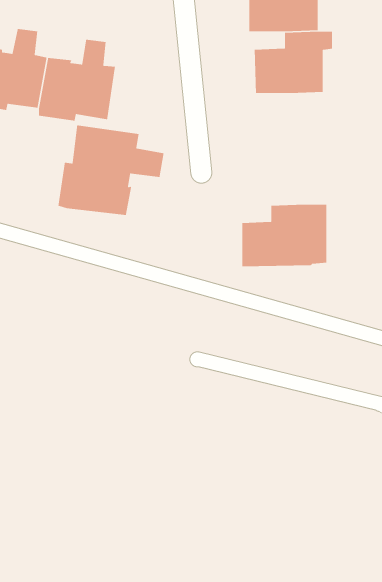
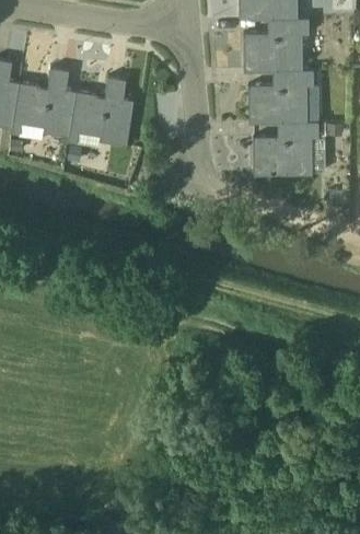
building: [57,124,164,216] -> none
building: [242,204,327,267] -> [254,123,325,175]

